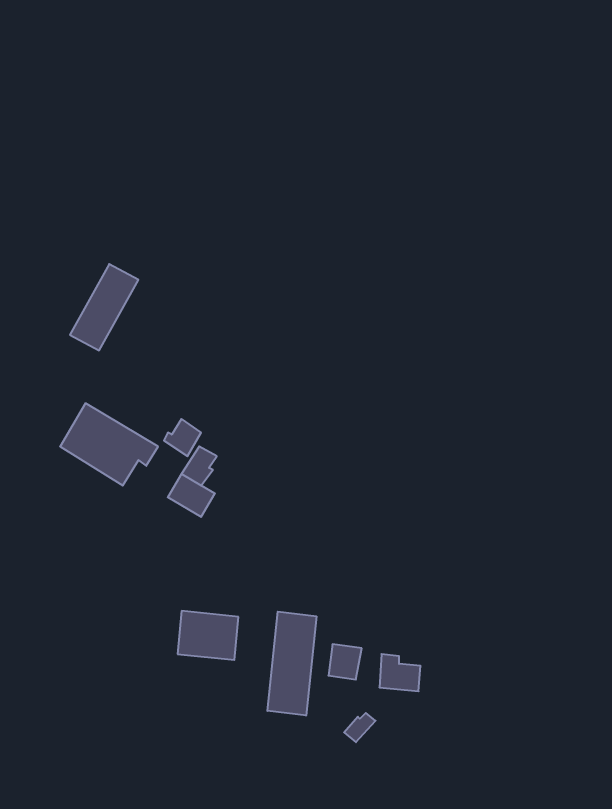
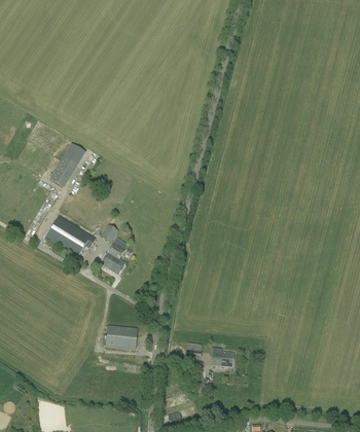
building: [267,612,316,716] -> none

